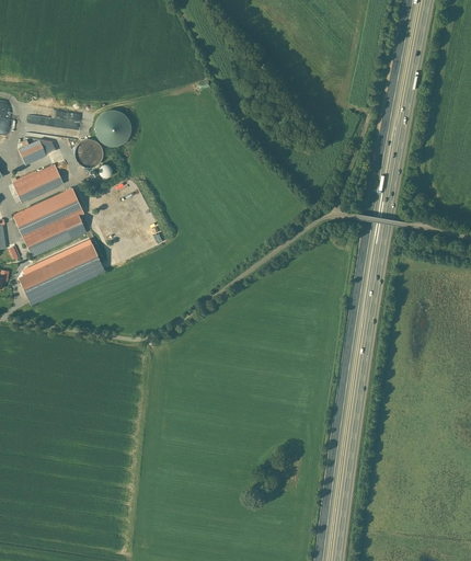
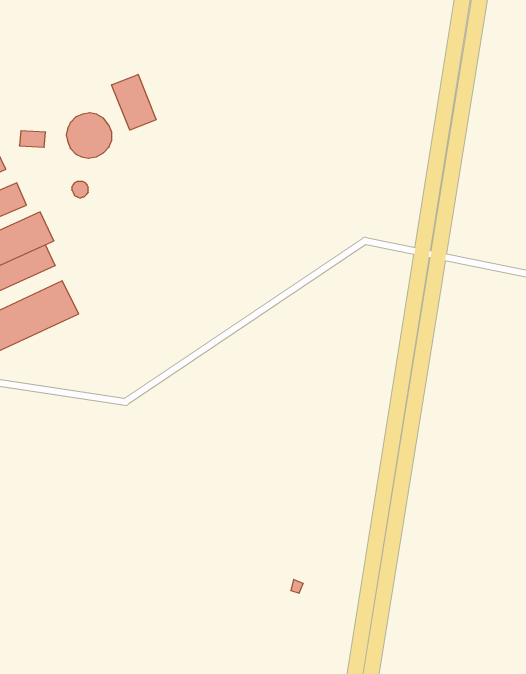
building: none -> [112,74,156,130]
building: [74,137,103,167] -> none

